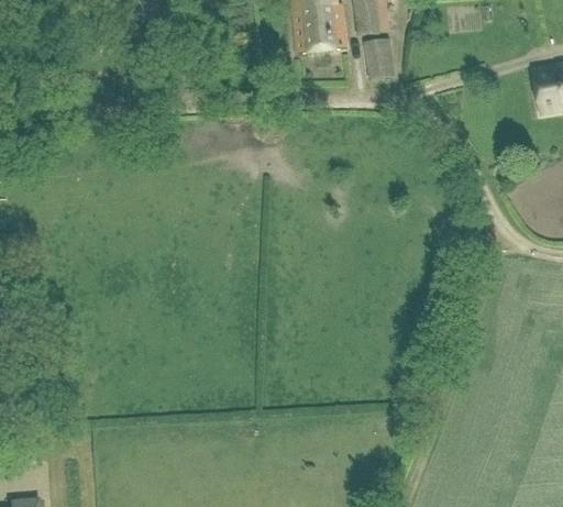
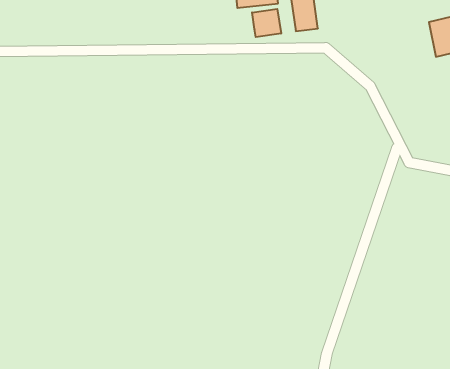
building: none -> [252,9,281,37]

